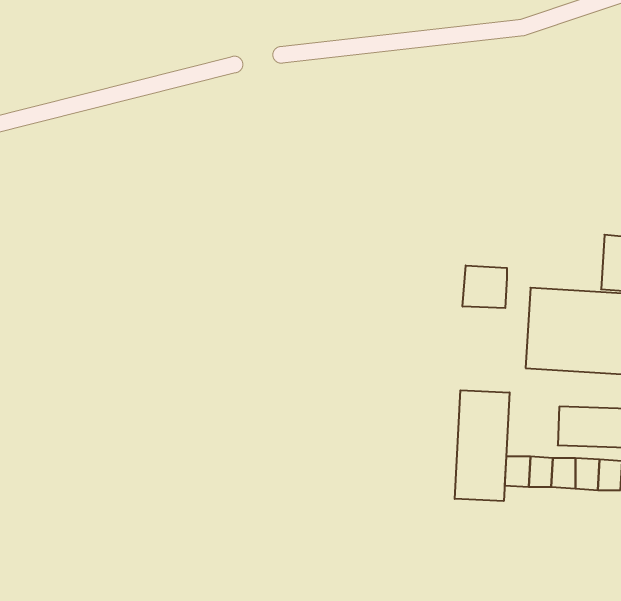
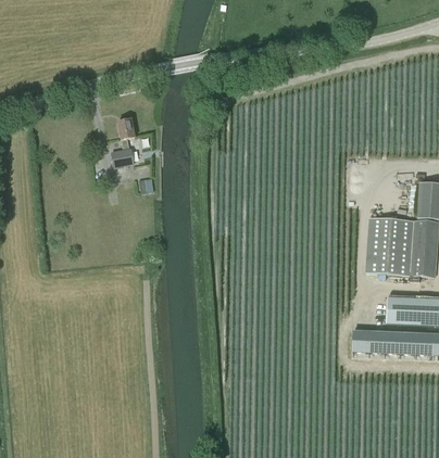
building: none -> [112,118,136,167]
building: [463,265,507,308] -> none
building: [455,390,510,501] -> none

